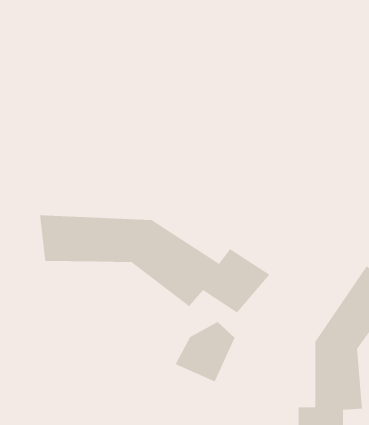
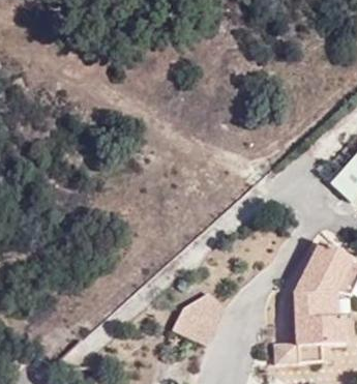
building: [39,214,270,313] -> none

